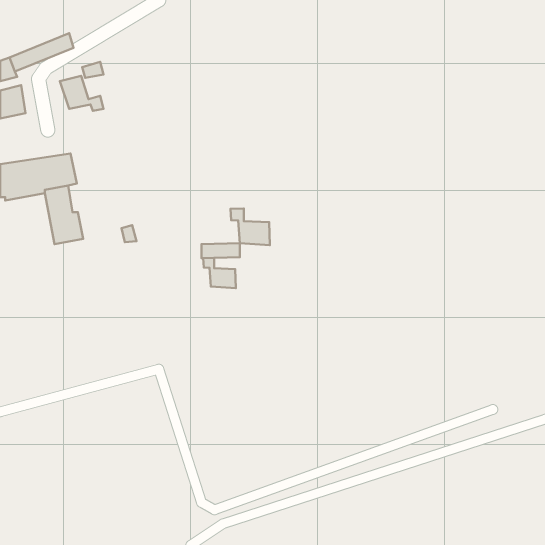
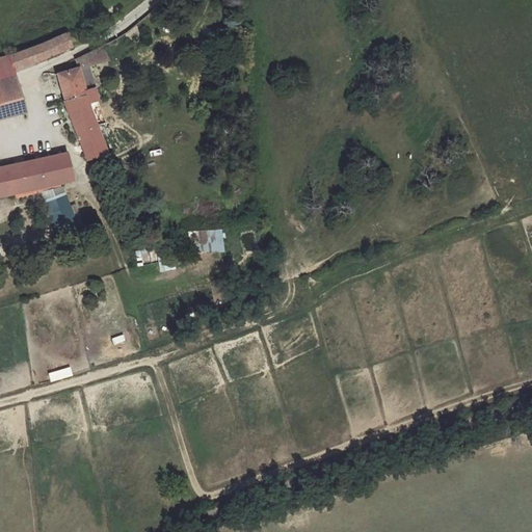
building: none -> [68,102,104,161]
building: [230,209,270,245] -> none
building: [203,258,236,288] -> none

